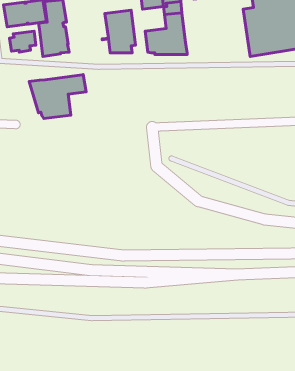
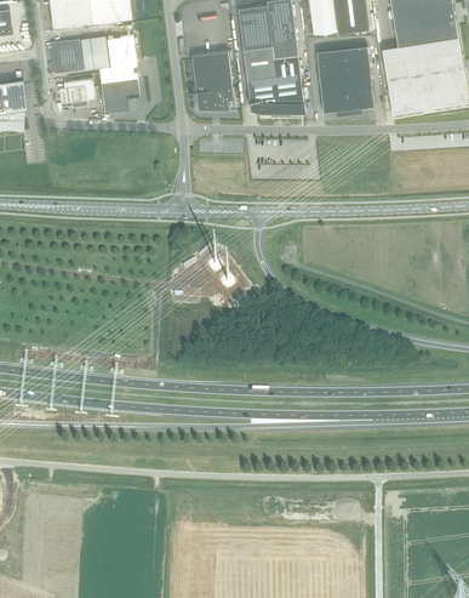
building: none -> [244,46,276,80]
building: none -> [316,46,374,113]
building: [29,75,86,119] -> none

